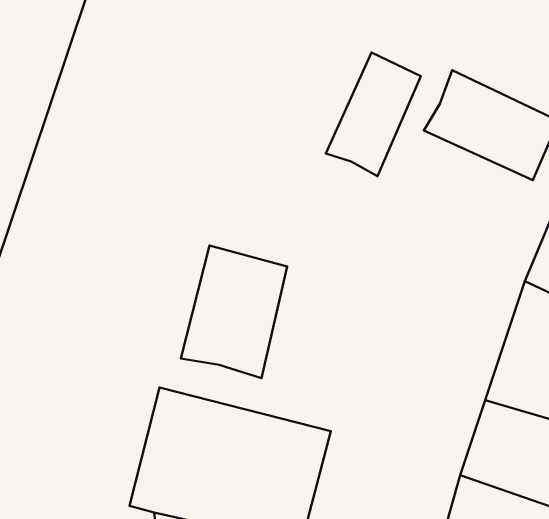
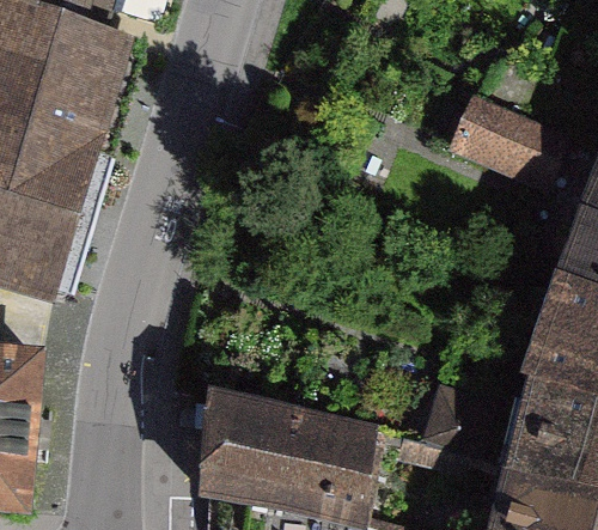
building: [326,53,421,176] -> none
building: [181,246,287,378] -> none

